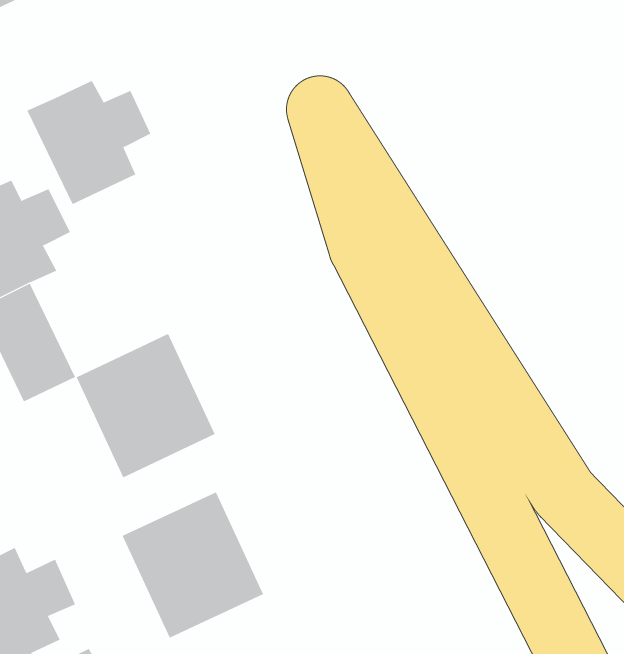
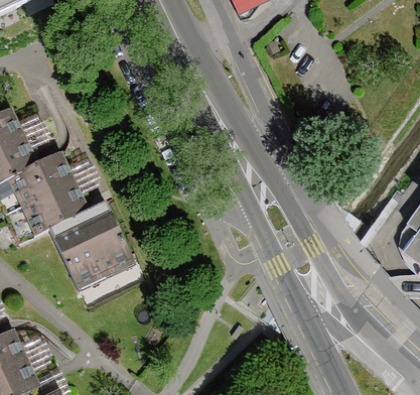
building: [27,80,151,205] -> [23,154,98,229]
building: [122,491,264,639] -> none

